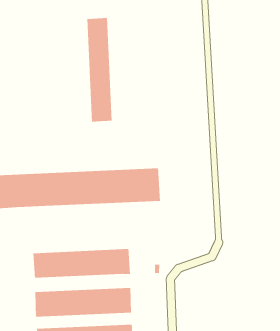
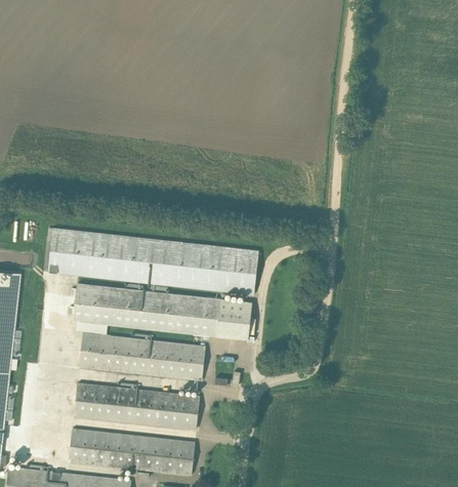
building: [87,17,113,123] -> none
building: none -> [73,284,255,343]

